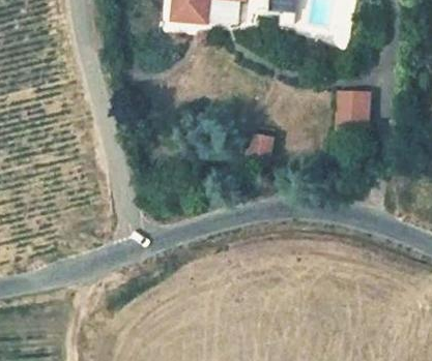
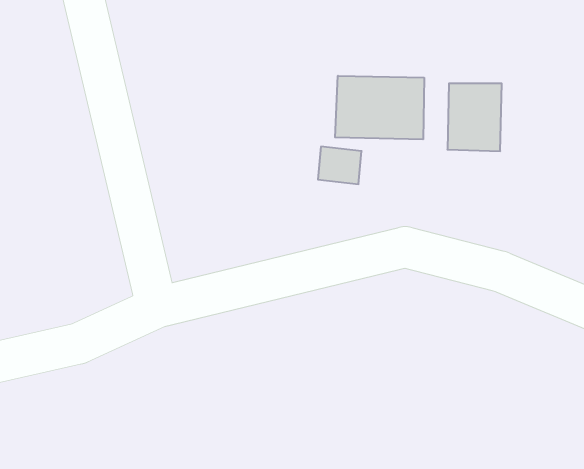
building: none -> [335,76,424,139]

